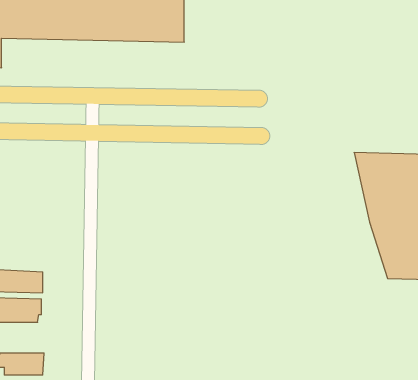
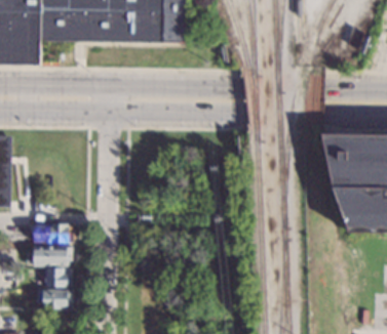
building: none -> [44,267,71,287]

